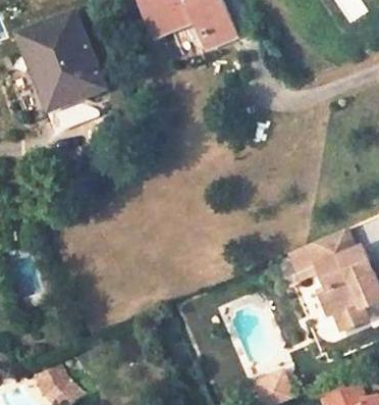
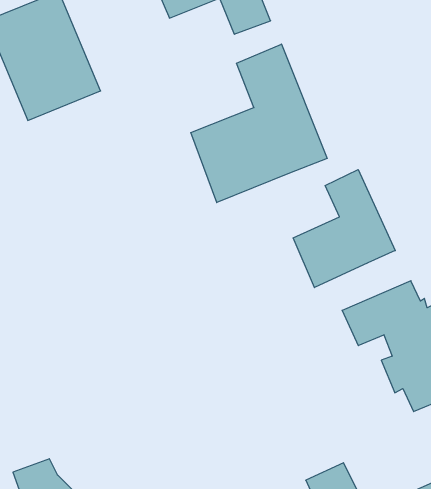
building: none -> [191,44,327,203]
building: none -> [293,170,395,288]

